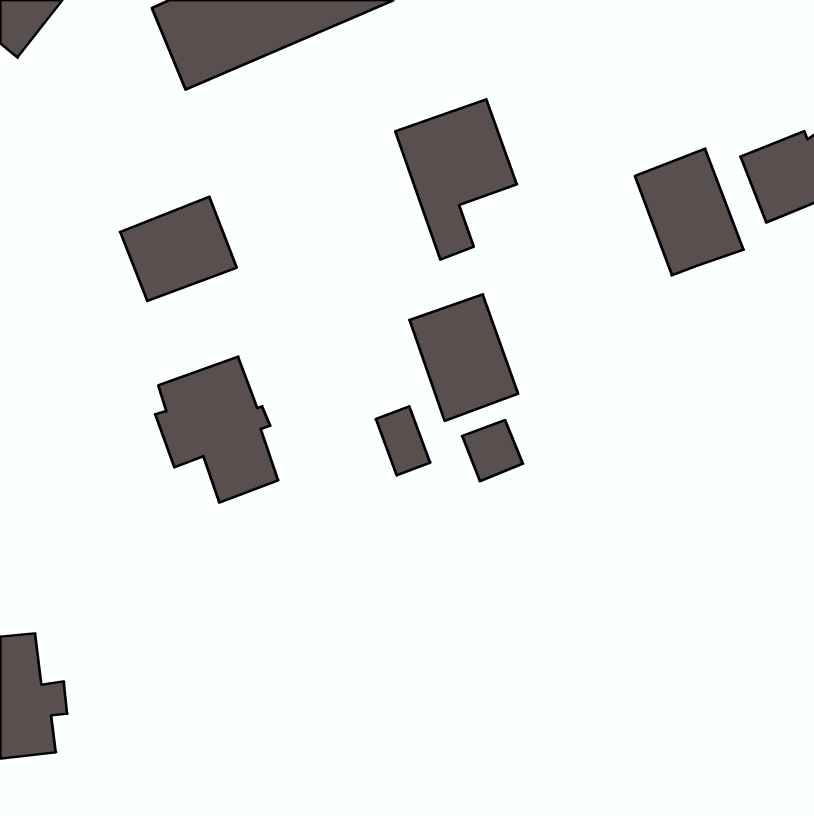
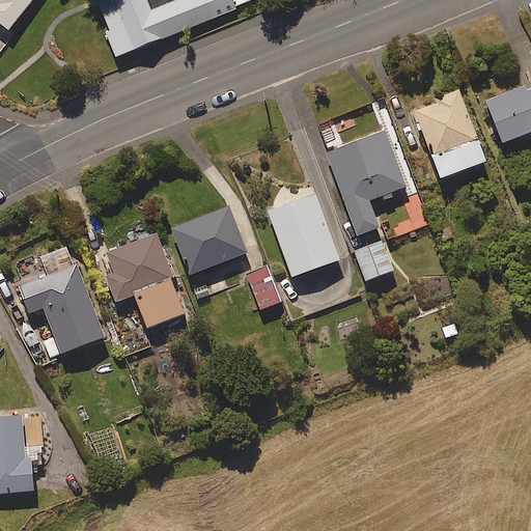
building: [395,99,517,259] -> [327,130,406,233]
building: [120,197,237,301] -> [171,205,247,273]
building: none -> [18,247,104,355]
building: [462,420,523,481] -> [354,240,393,279]

